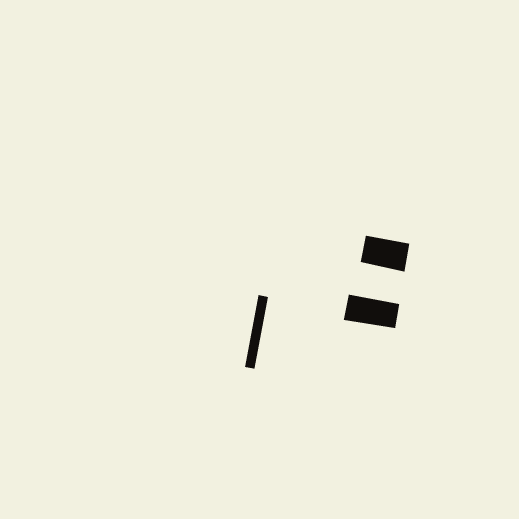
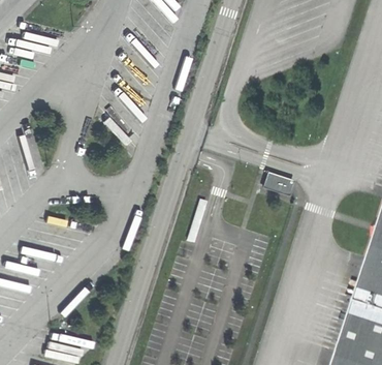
building: [343,294,400,329] -> none

